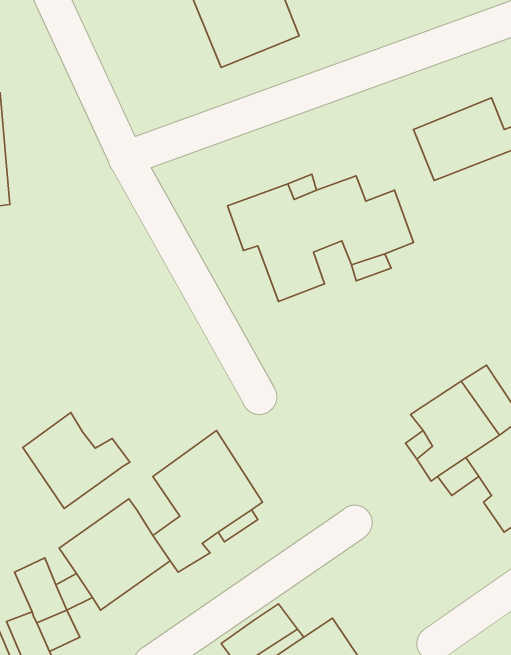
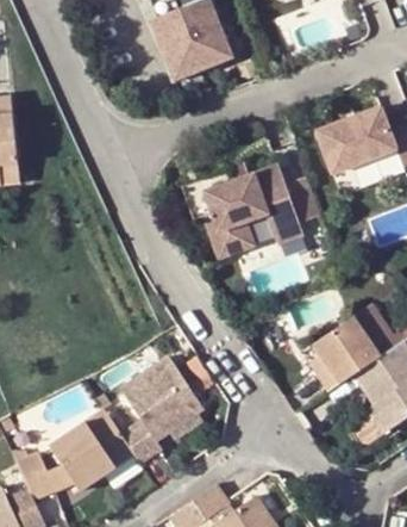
building: [23,413,130,508] -> none

